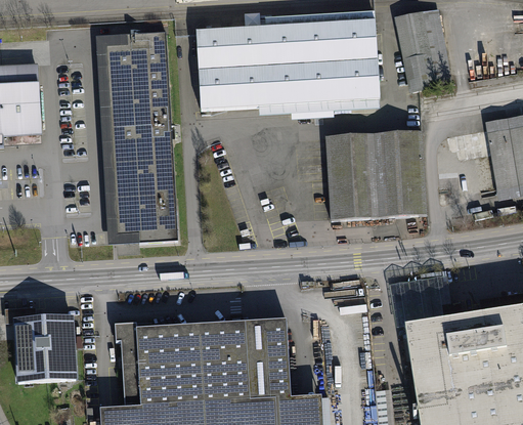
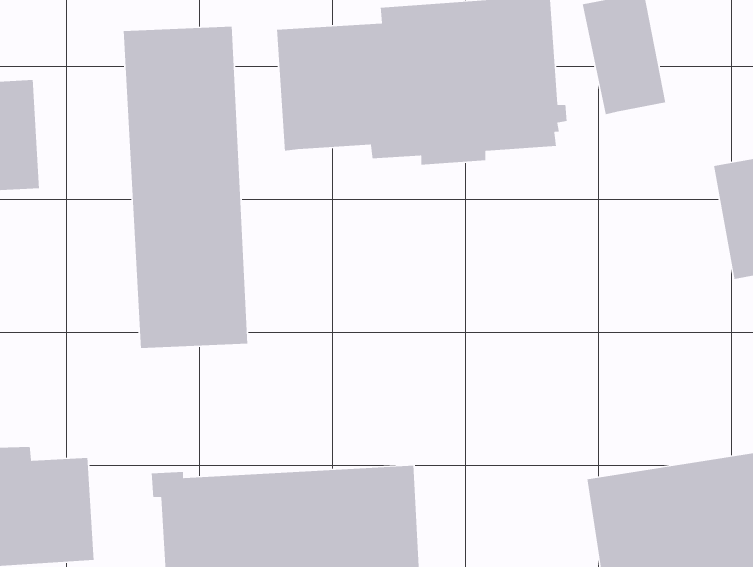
building: [323,130,426,218] -> none

